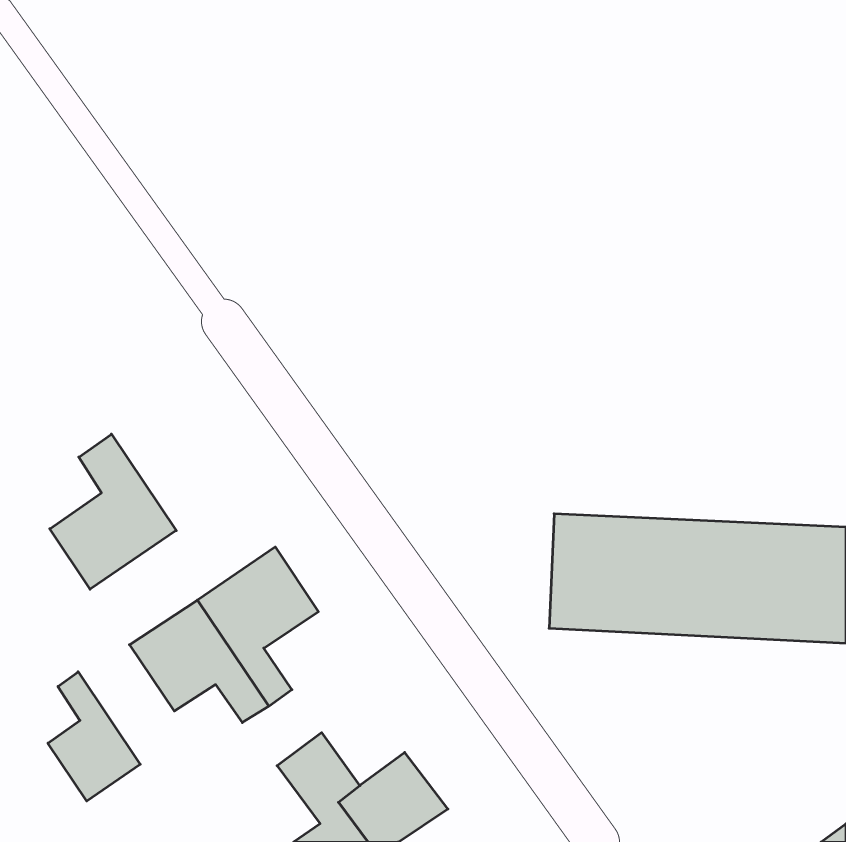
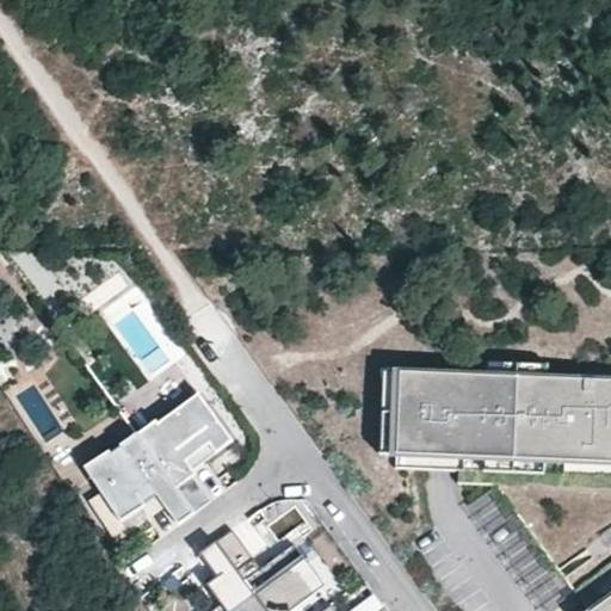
building: [50,434,176,589] -> none
building: [48,672,140,801] -> none

